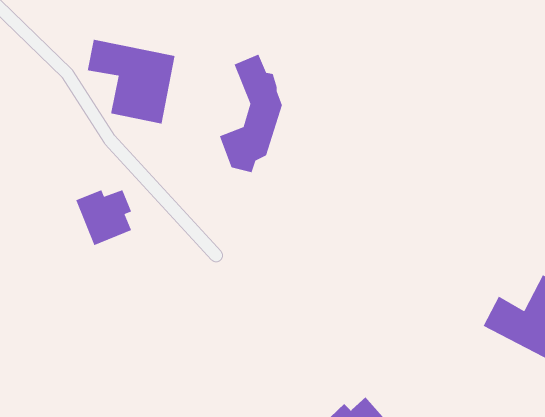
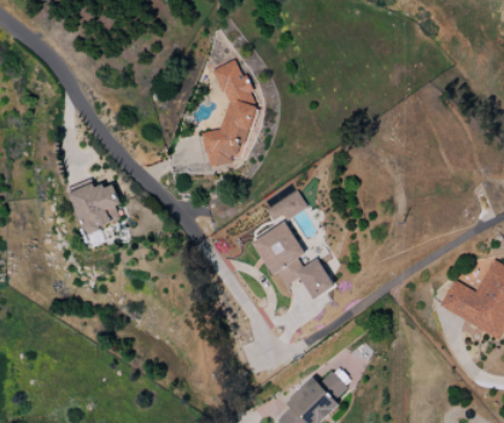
building: [87,39,176,125] -> none
building: none -> [252,190,335,300]

